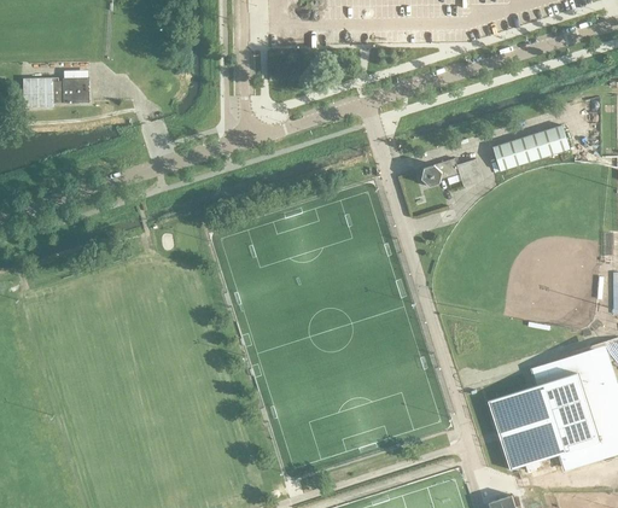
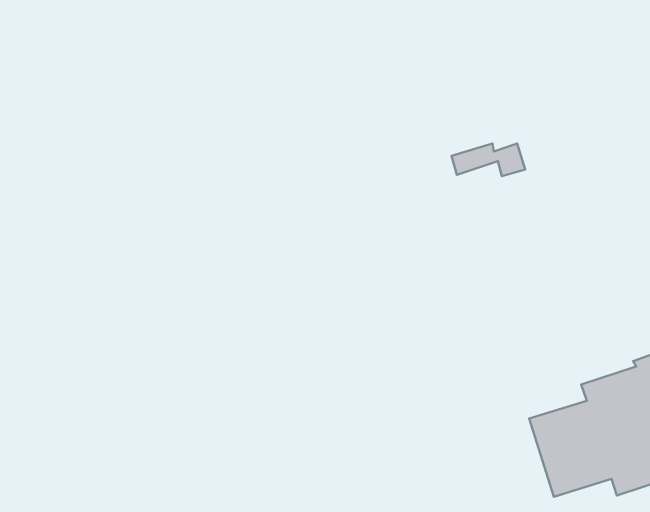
building: [31,77,91,103] -> none
building: [492,125,570,170] -> none

